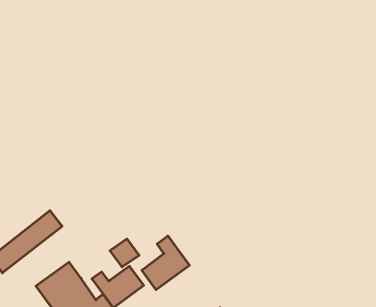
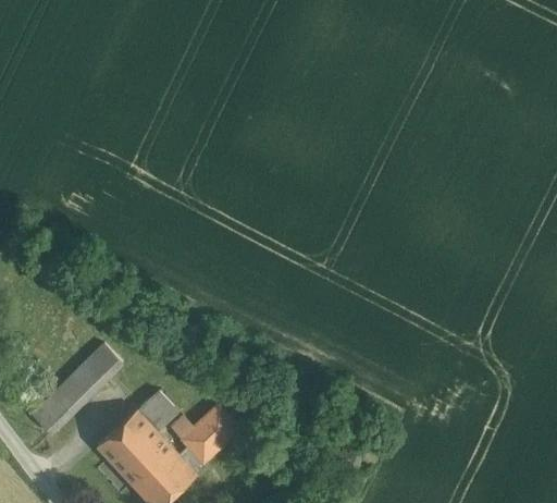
building: [142,236,189,290] -> none
building: [110,239,139,267] -> [136,391,175,429]

